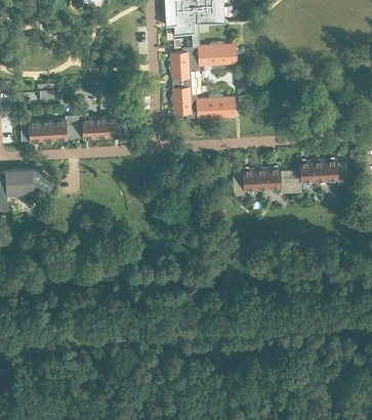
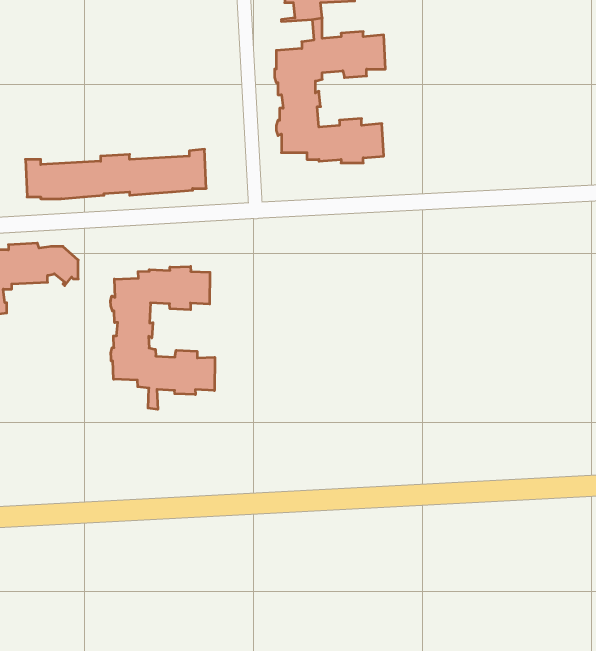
building: [232,159,347,196] -> none
building: none -> [111,266,215,409]

